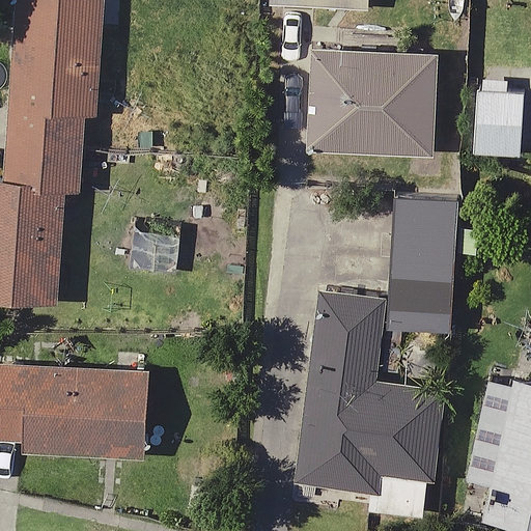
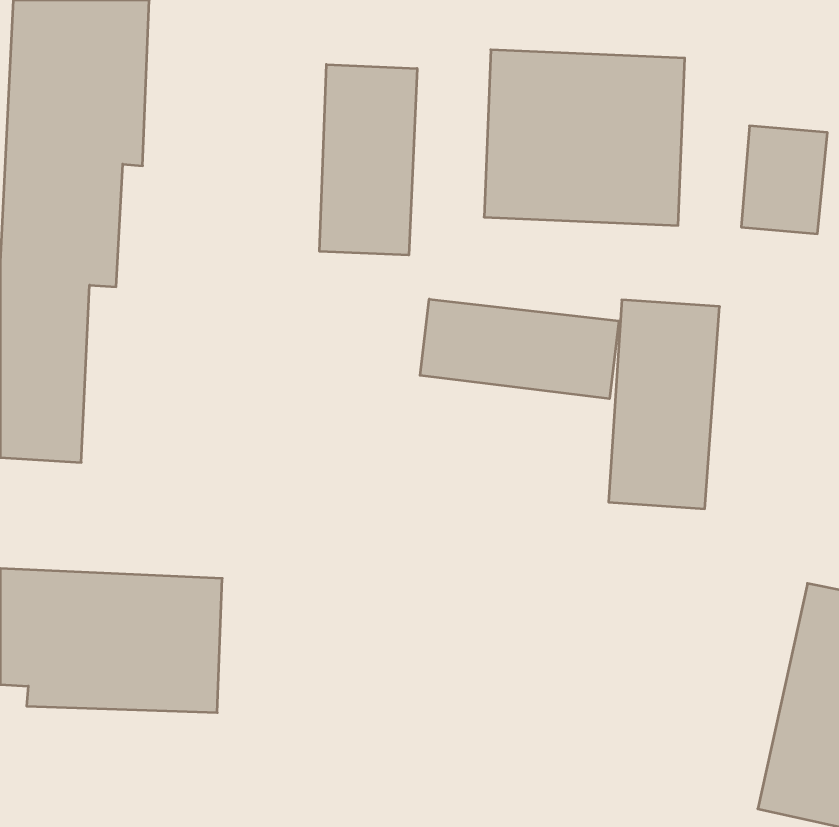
building: none -> [320,64,417,255]
building: none -> [420,299,619,399]
building: [298,296,442,519] -> none

